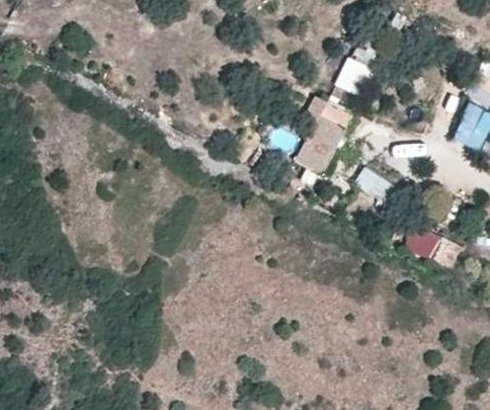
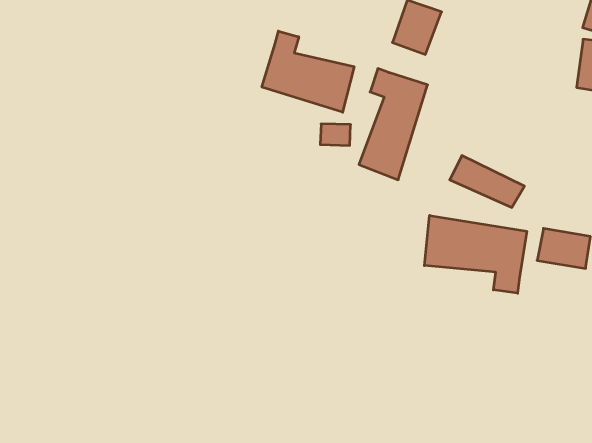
building: none -> [262,31,354,112]
building: none -> [424,215,527,293]

